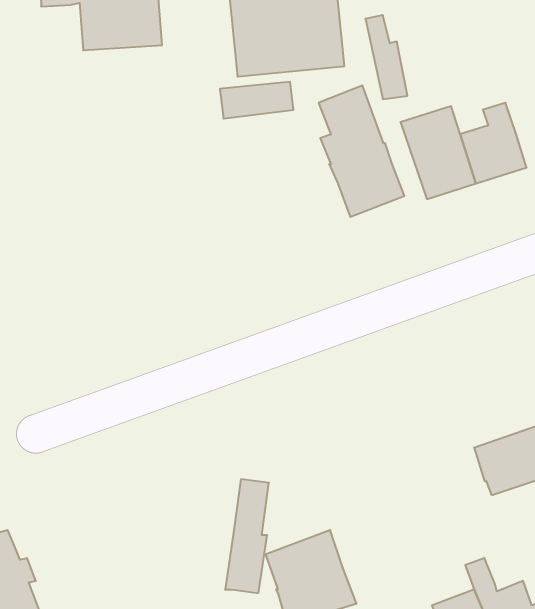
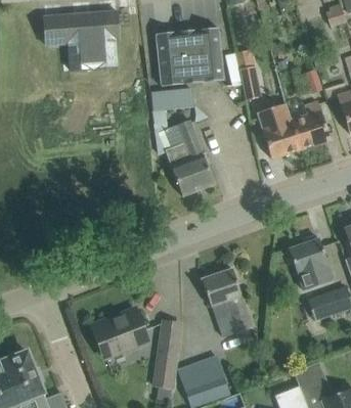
building: [319,85,404,217] -> [165,119,215,195]
building: none -> [289,234,330,289]
building: none -> [202,268,253,336]
building: none -> [92,308,148,358]

